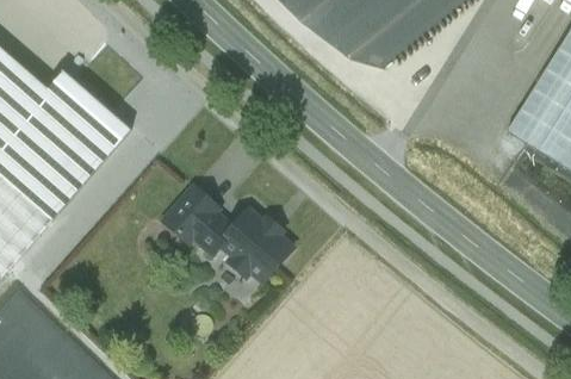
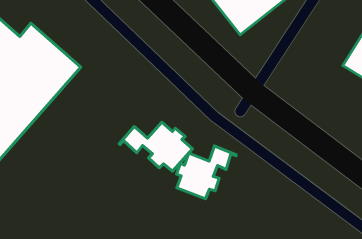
building: [163,185,218,240] -> none
building: none -> [176,146,236,199]

